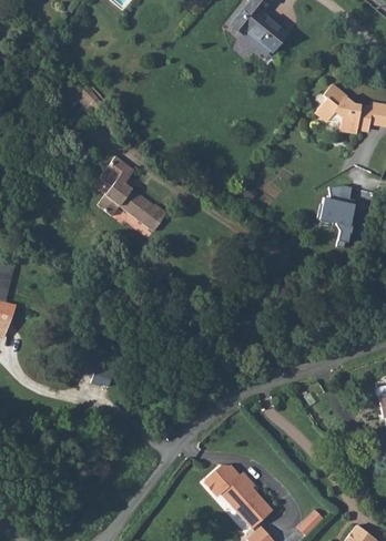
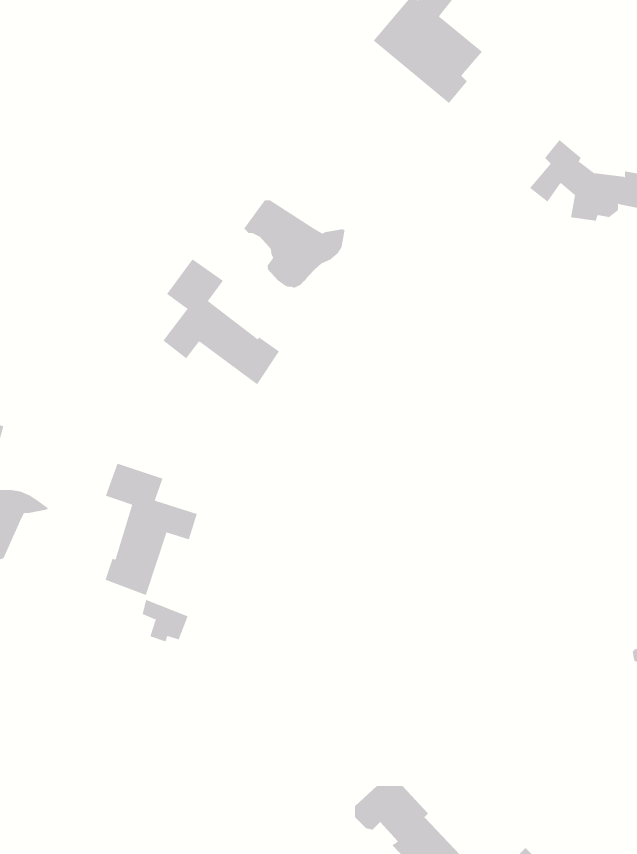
building: none -> [243,199,345,288]
building: [319,186,355,244] -> none
building: none -> [105,463,197,596]

